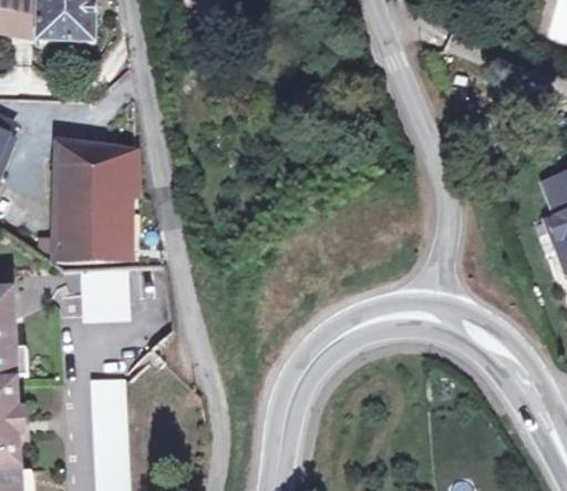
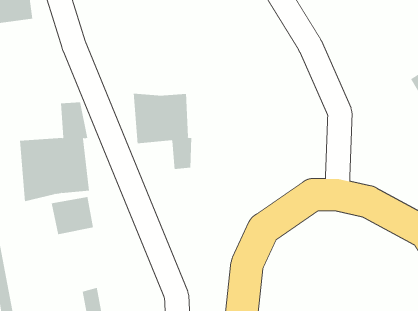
building: [55,142,112,190] -> none
building: none -> [133,93,192,170]

